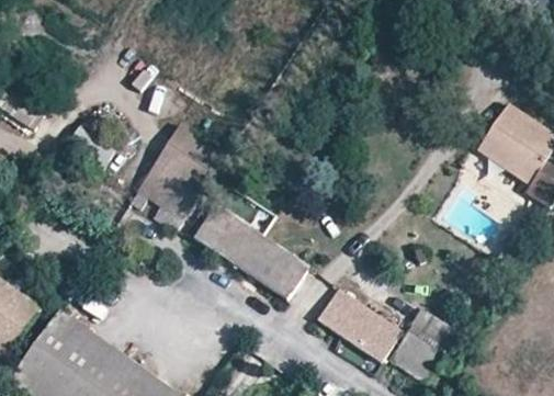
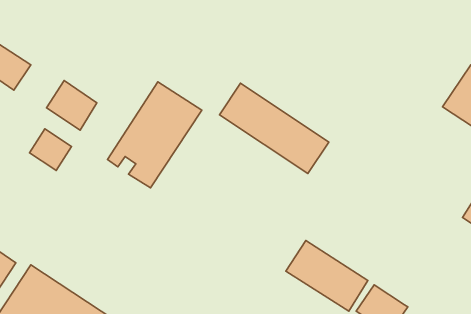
building: none -> [29,129,72,170]
building: [194,202,308,296] -> [219,83,329,174]
building: [400,304,455,353] -> none

